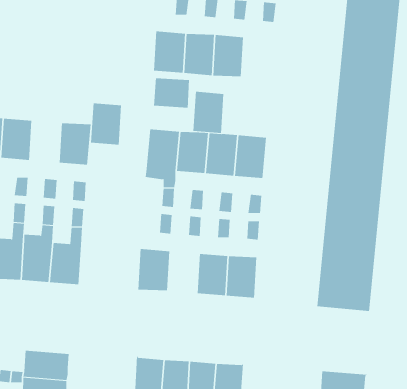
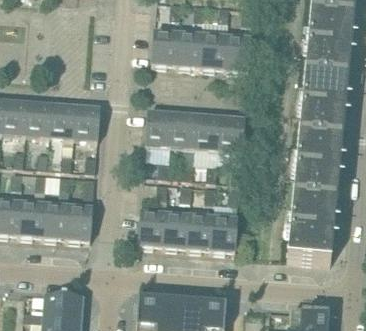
building: [153,77,189,108] -> none
building: [193,91,224,134] -> [225,35,251,70]
building: [90,103,122,145] -> [50,104,76,139]
building: none -> [164,212,190,247]

